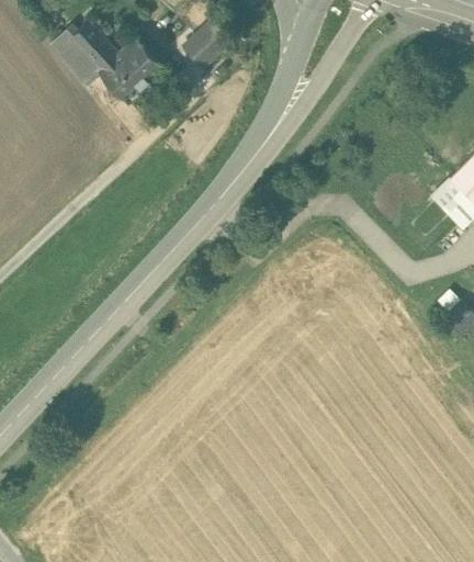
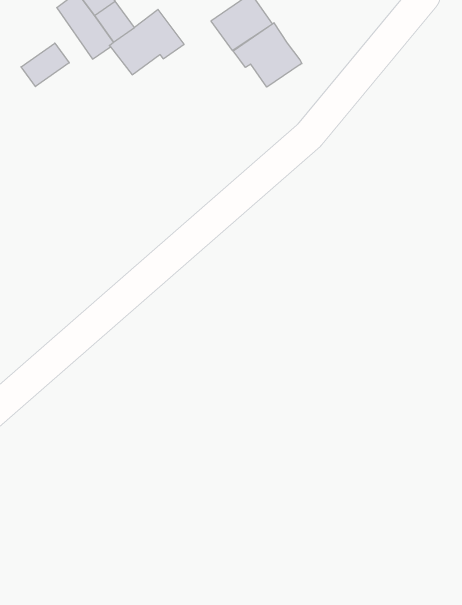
building: none -> [233,23,302,87]
building: none -> [21,43,69,87]

